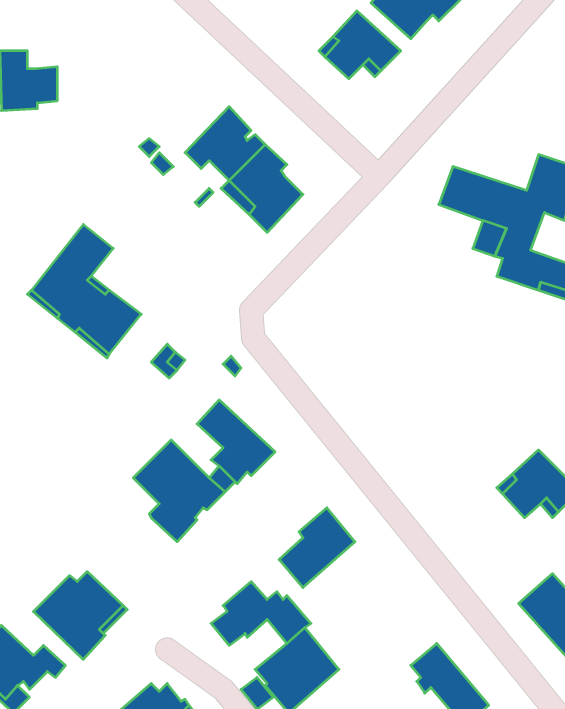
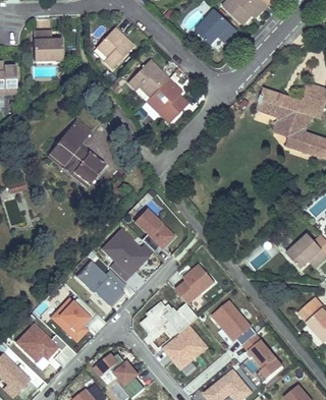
building: none -> [96,27,133,68]
building: none -> [75,261,125,306]
building: none -> [212,300,257,344]

